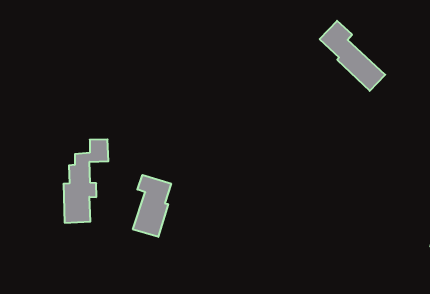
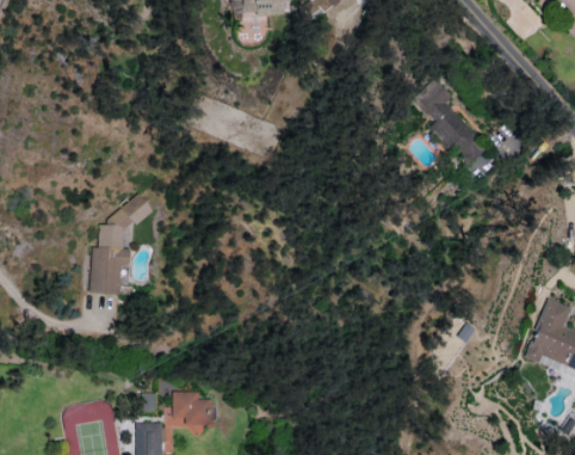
building: [133,175,171,237] -> none

